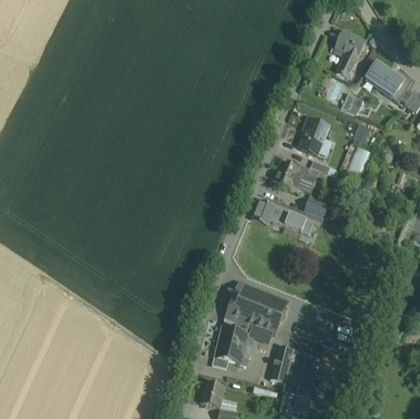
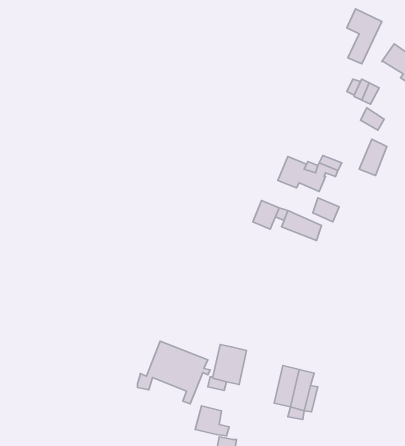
building: [299,117,328,155] -> none
building: [223,286,287,341] -> [138,341,210,404]

